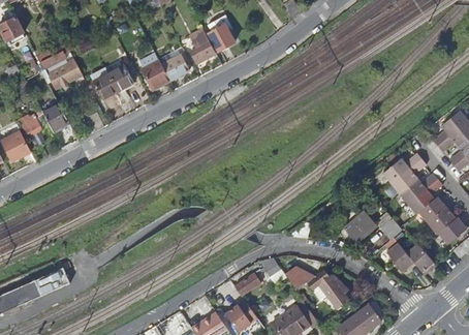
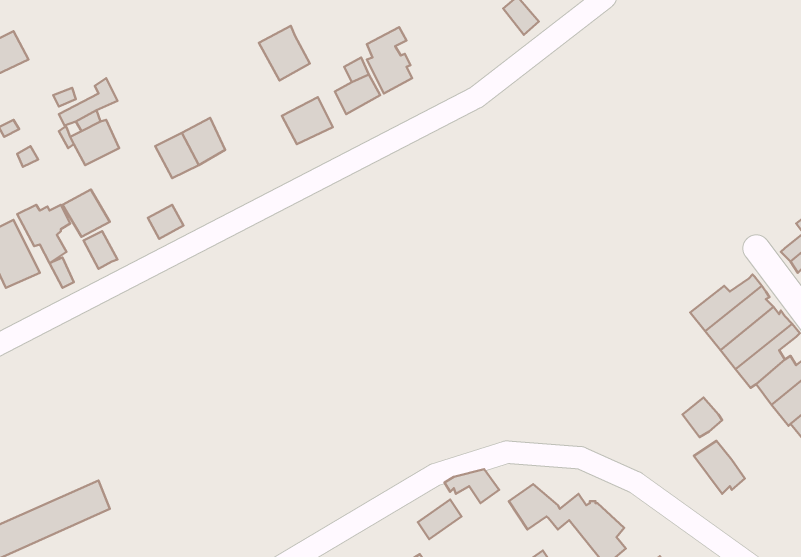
building: [143,60,170,90] -> [259,26,310,81]
building: [342,213,374,245] -> none
building: [408,244,435,276] -> none

